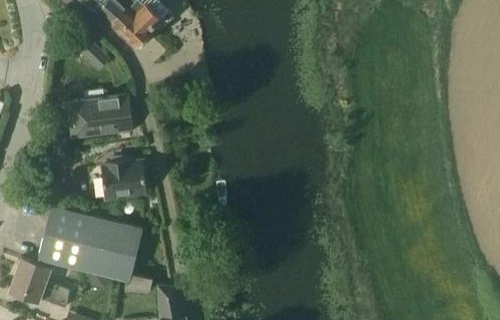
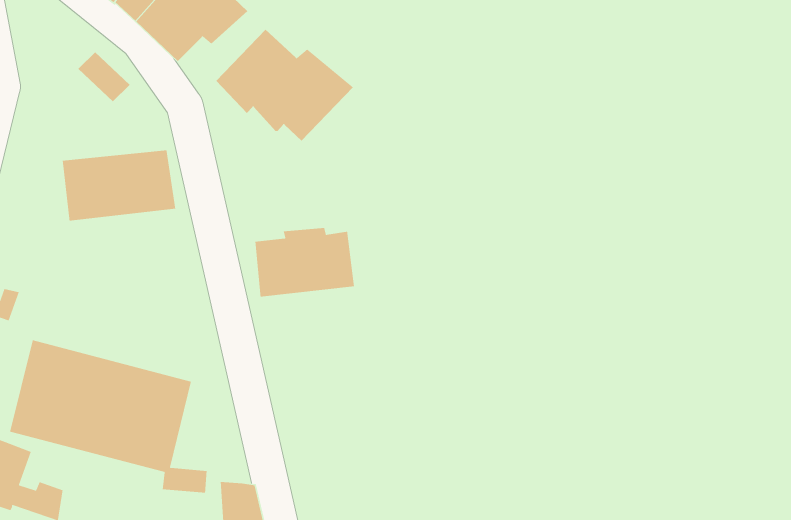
building: none -> [215,29,354,141]
building: [90,159,147,200] -> [255,227,355,297]

